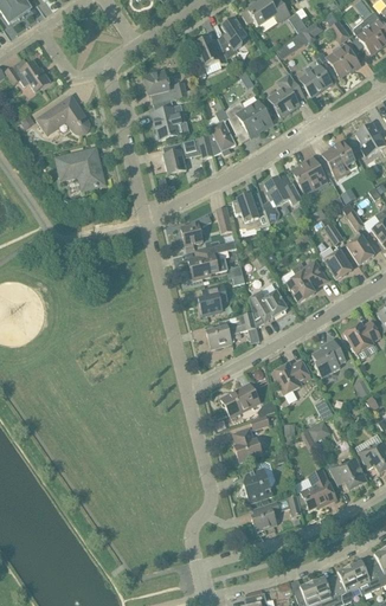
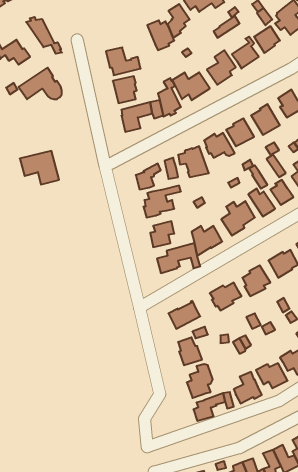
building: none -> [26,17,62,54]
building: [56,148,104,189] -> [20,151,59,185]

